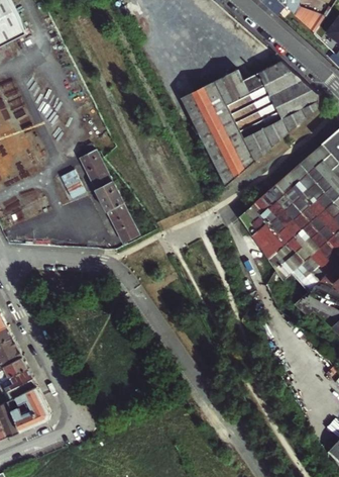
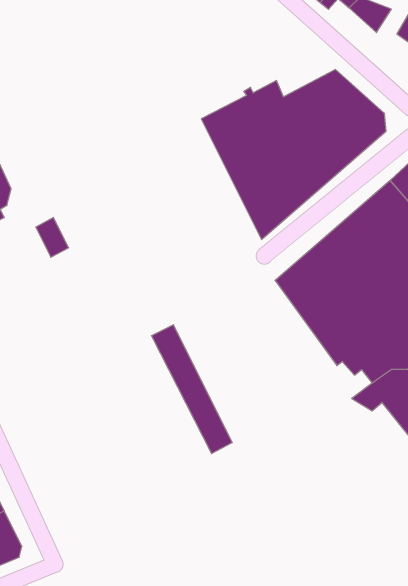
building: [80,151,139,246] -> [151,325,232,454]

